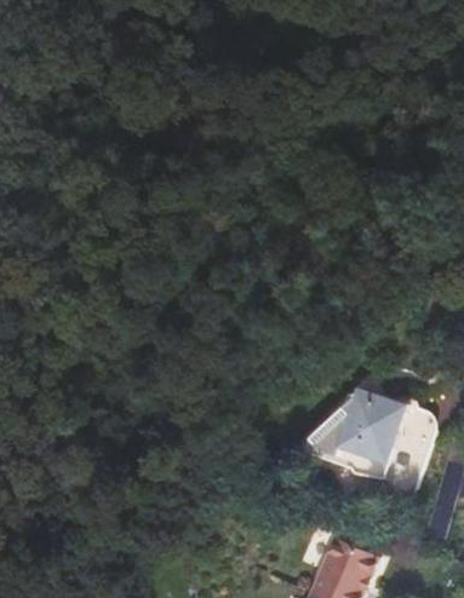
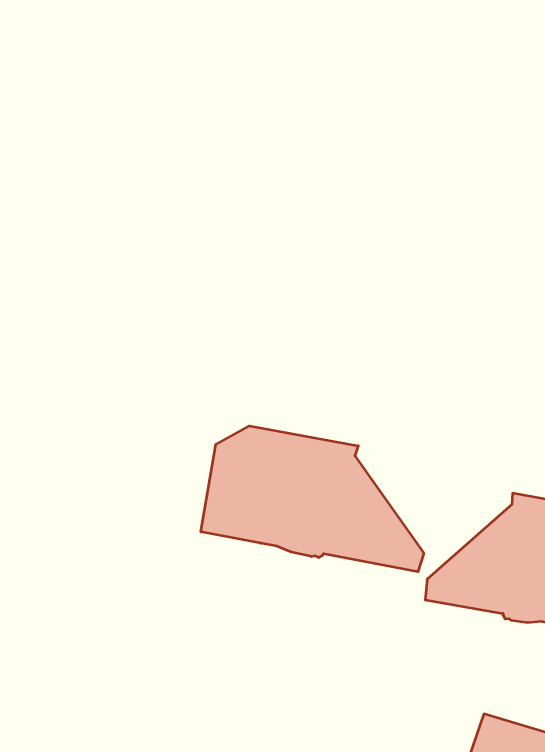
building: none -> [201,426,424,572]

